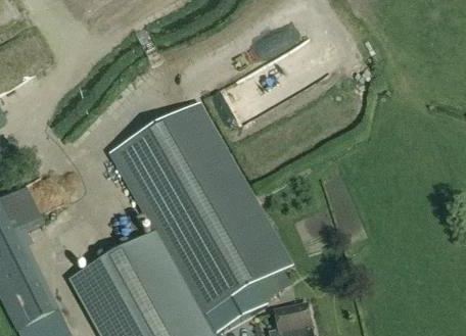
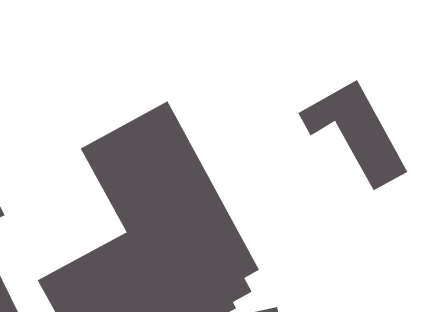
building: none -> [298,79,408,191]

